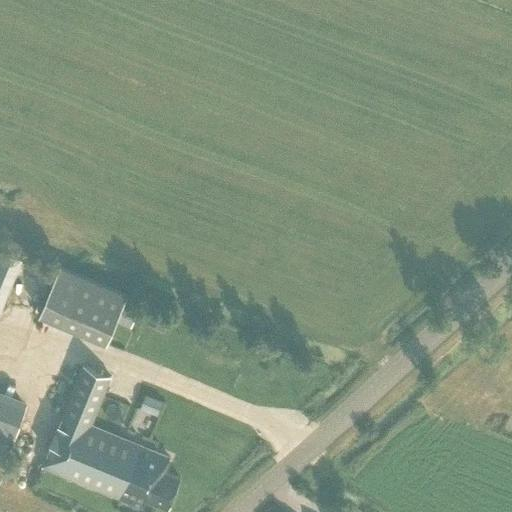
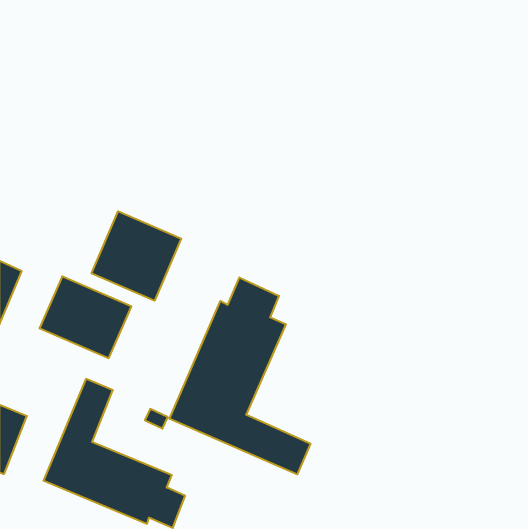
building: none -> [92,211,181,301]
building: none -> [170,277,310,474]

